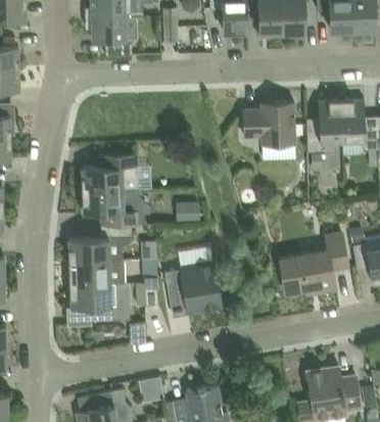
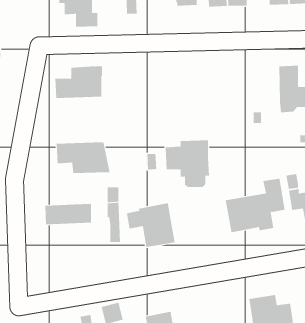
building: [306,101,342,151] -> none
building: [243,102,295,157] -> [165,140,210,188]
building: [82,153,138,191] -> [55,66,103,98]
building: [68,225,131,263] -> none
building: [70,283,131,320] -> none

